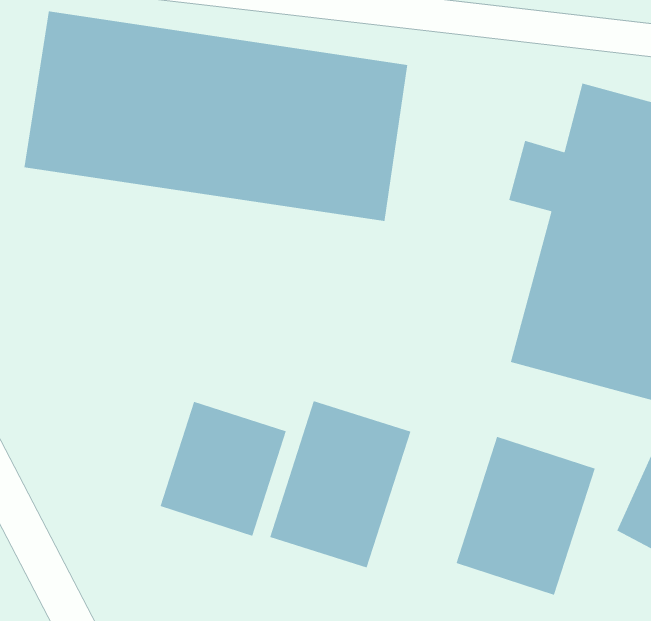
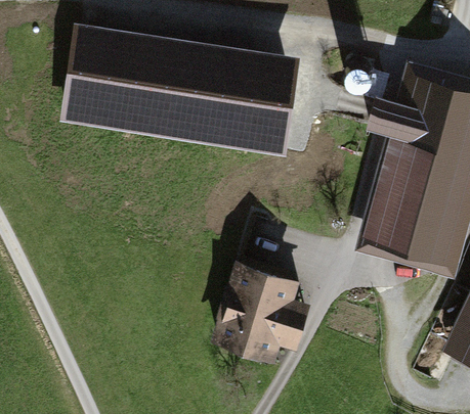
building: [160,401,287,537] -> none
building: [456,436,596,596] -> none

